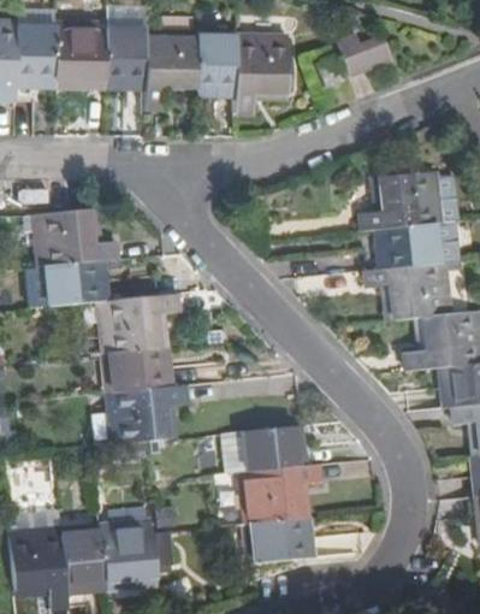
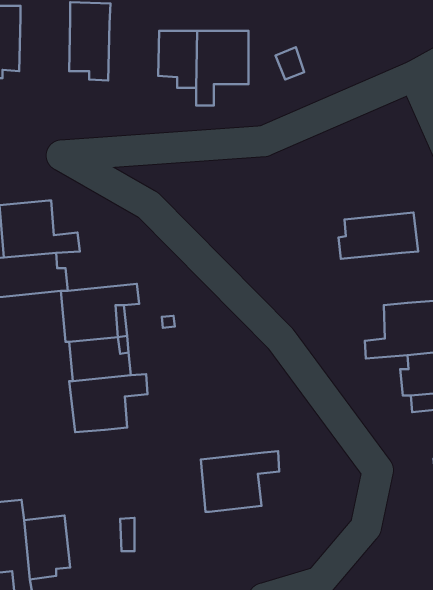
building: [57,24,108,87] -> none
building: [147,30,198,110] -> none
building: [338,36,395,77] -> none
building: [362,171,456,230] -> none
building: [367,262,450,318] -> none
building: [223,425,304,473] -> none
building: [249,519,314,563] -> none
building: [102,520,158,589] -> none

